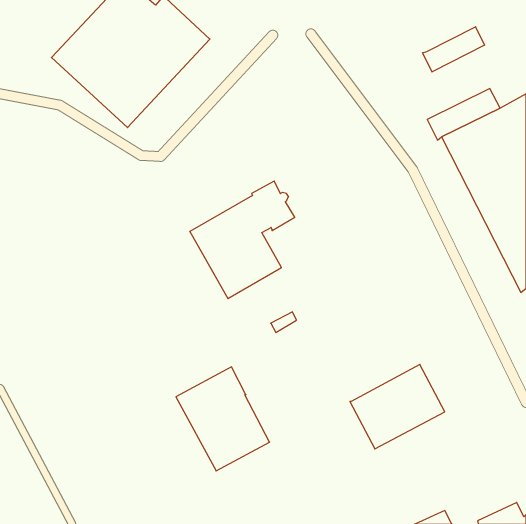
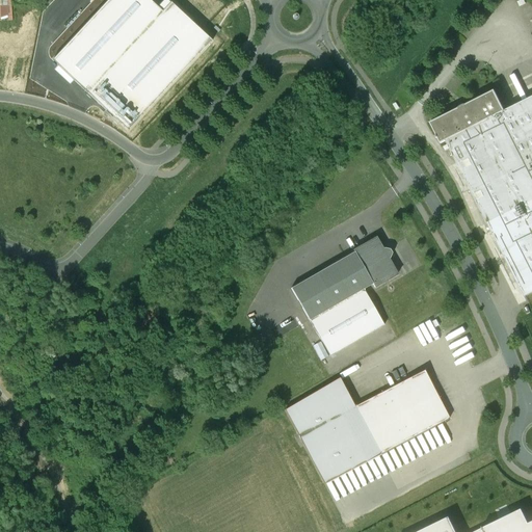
building: [423,27,484,72] -> none
building: [190,181,295,299] -> [291,236,397,354]
building: [176,367,270,471] -> [284,377,378,482]

